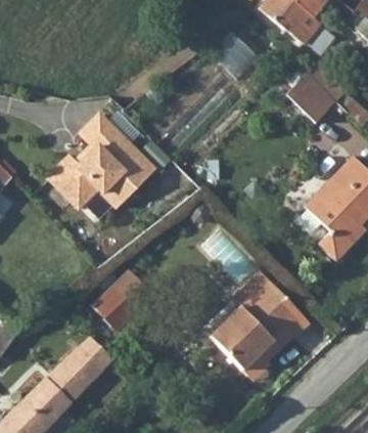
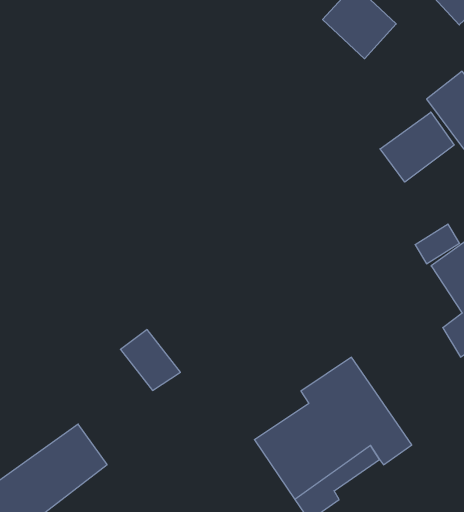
building: none -> [380,112,454,182]
building: [46,112,153,206] -> none
building: [91,285,137,329] -> none

